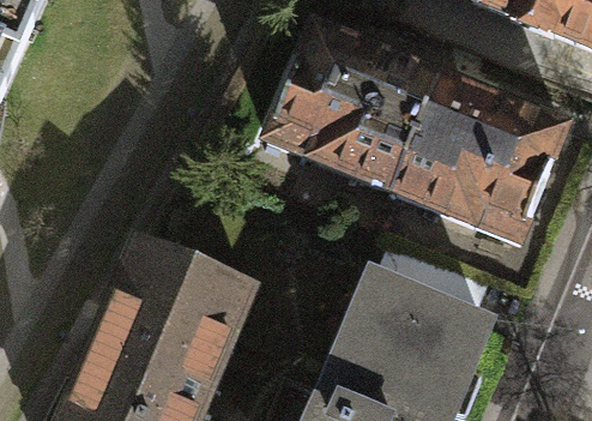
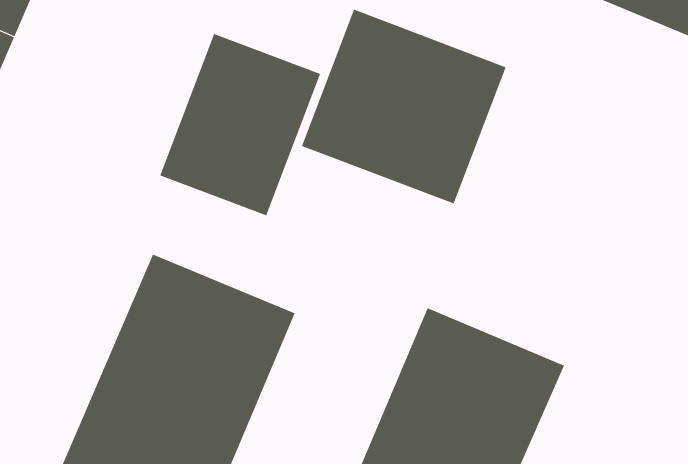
building: none -> [160,33,321,216]
building: [391,74,564,240] -> none

